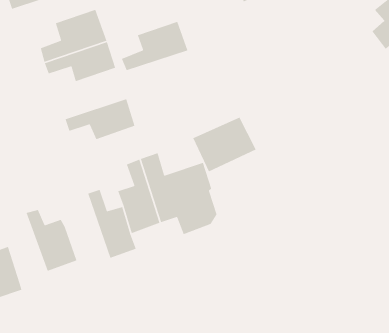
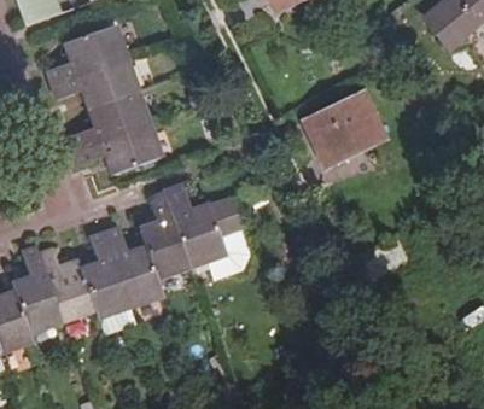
building: [121,21,189,71] -> [72,86,148,142]
building: [192,116,257,172] -> [310,103,383,165]
building: none -> [80,226,129,311]
building: none -> [12,241,59,326]

